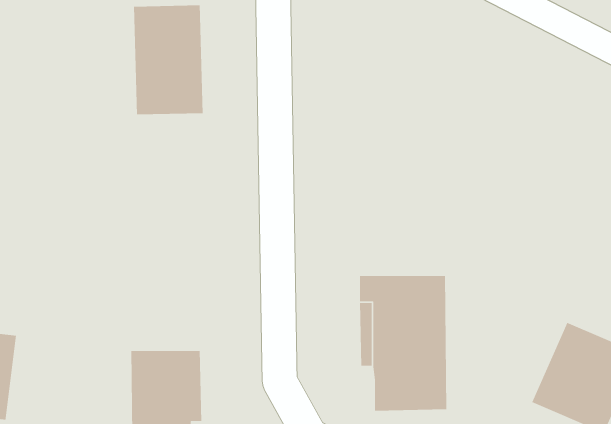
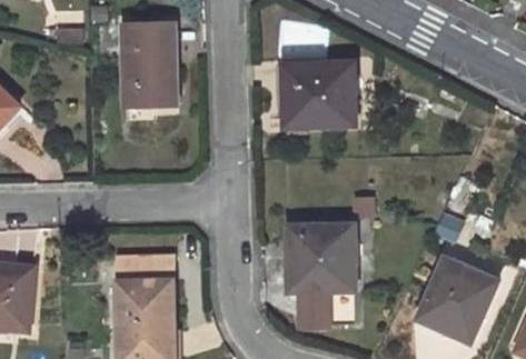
building: none -> [282,62,356,127]
building: none -> [119,257,171,280]

